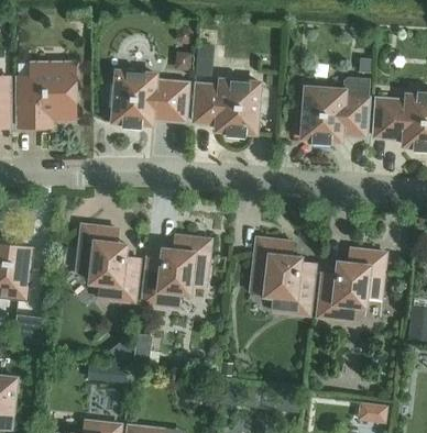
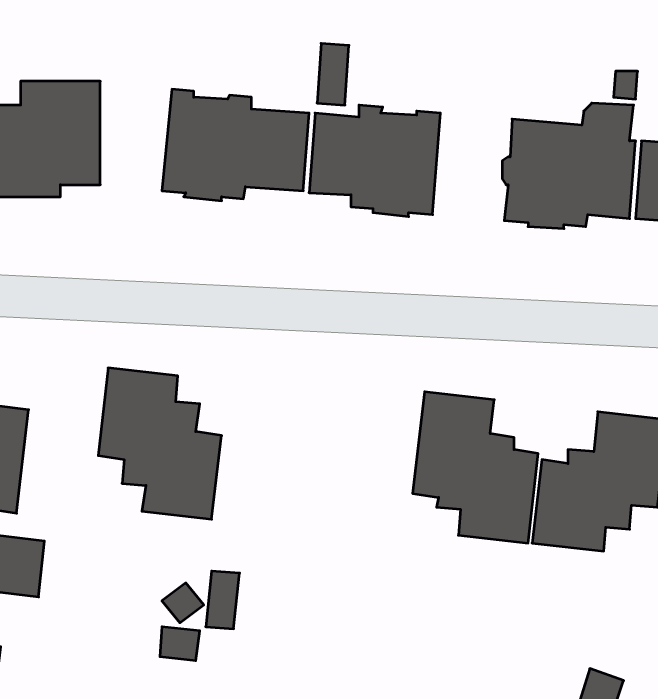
building: [139,232,214,309] -> none

